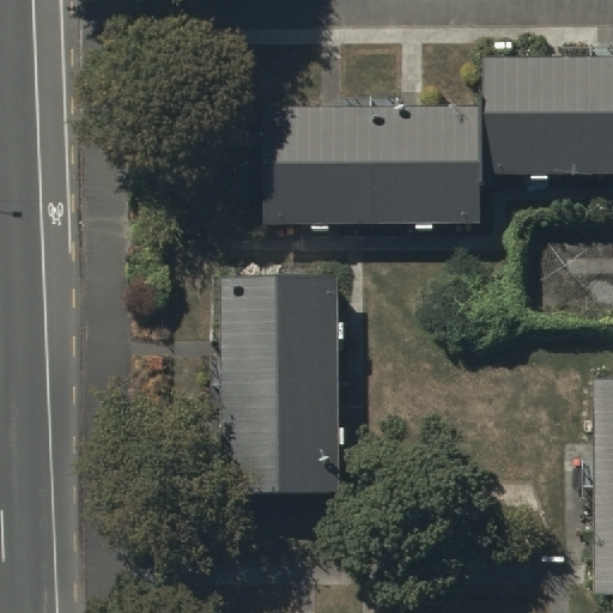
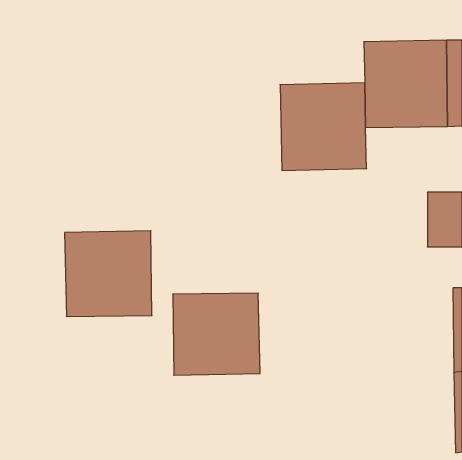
building: [263,111,371,225] -> none
building: [225,274,340,387] -> [65,231,152,316]

